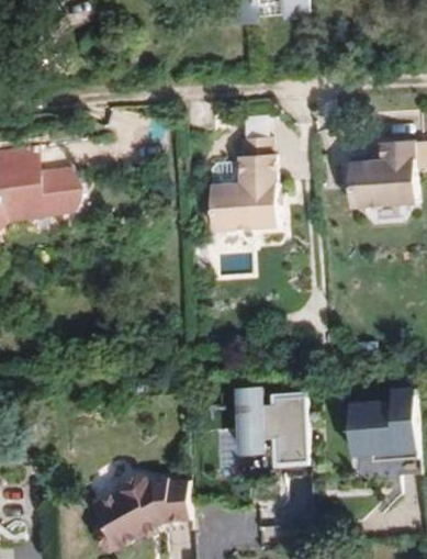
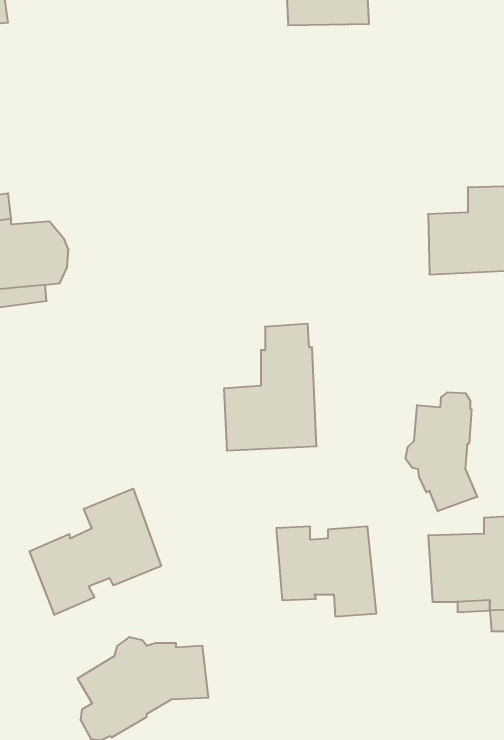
building: [207,135,277,230] -> [224,324,317,451]
building: none -> [406,392,477,511]
building: none -> [30,489,161,615]

